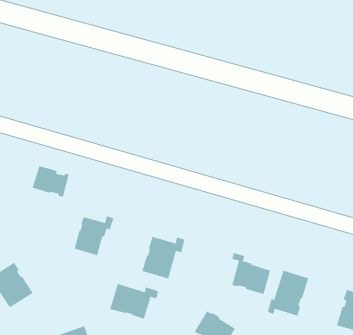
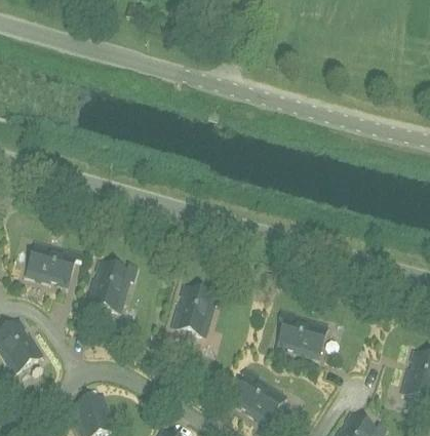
building: [32,166,70,197] -> [29,246,74,284]
building: [267,270,309,316] -> none
building: [109,283,159,320] -> none

